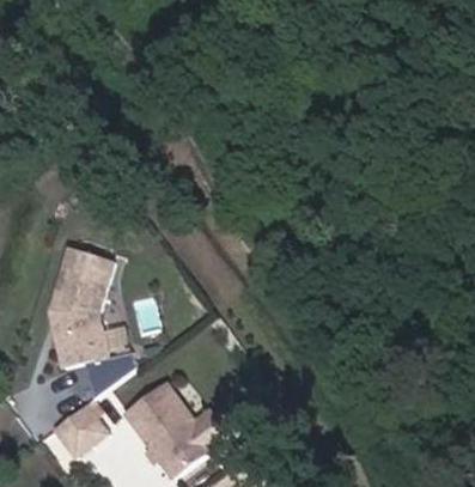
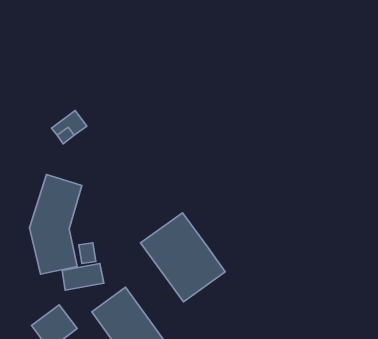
building: none -> [141,213,225,302]

